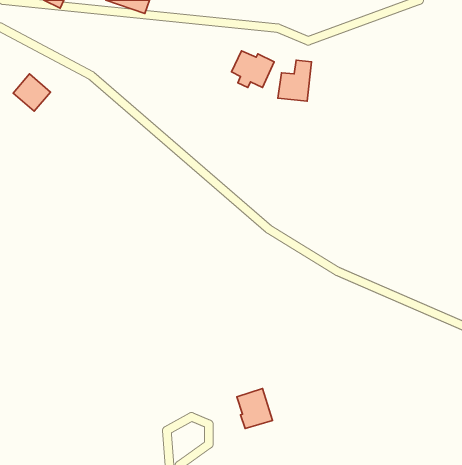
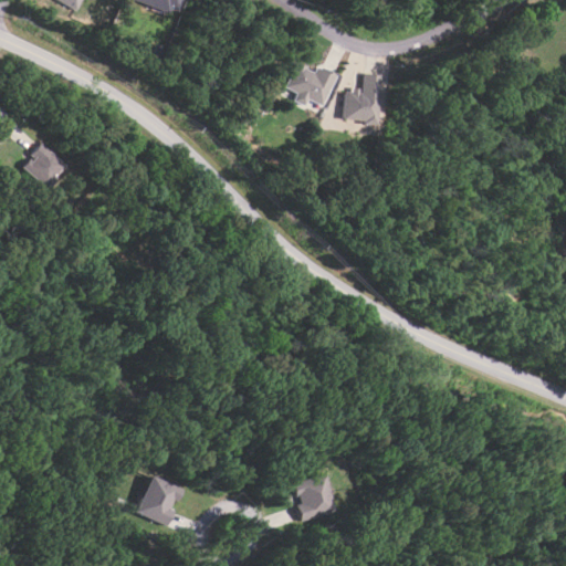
building: [13,74,51,111] -> [20,143,65,188]
building: none -> [136,475,182,525]

